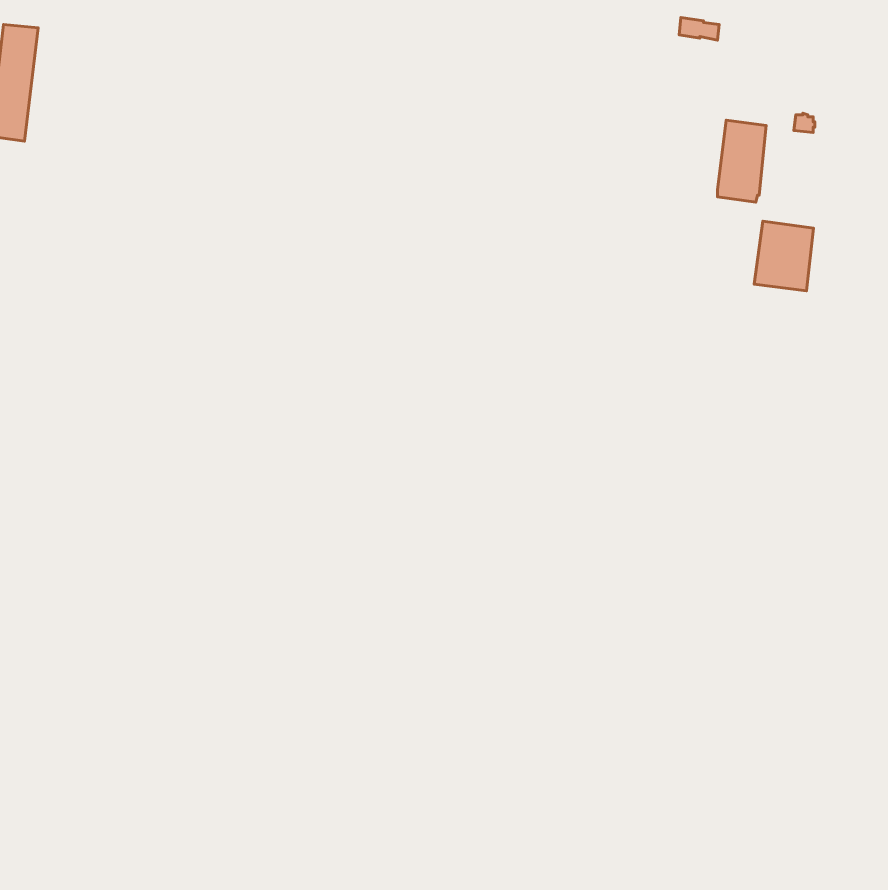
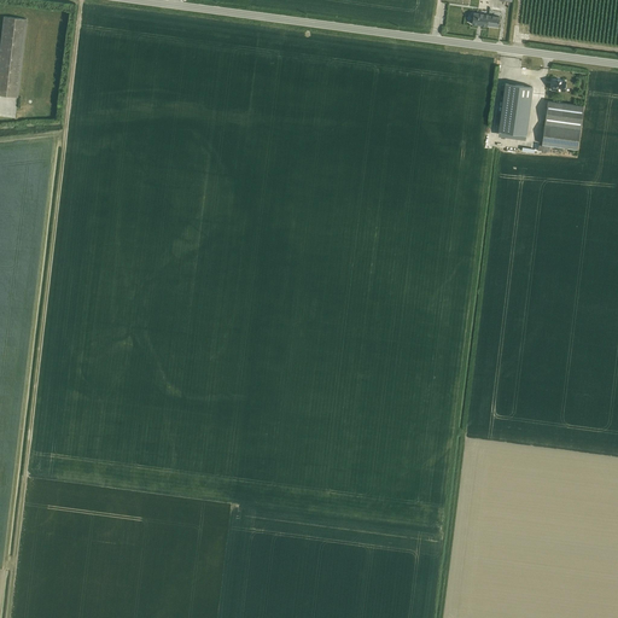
building: [754,221,813,291] -> [541,101,582,150]

